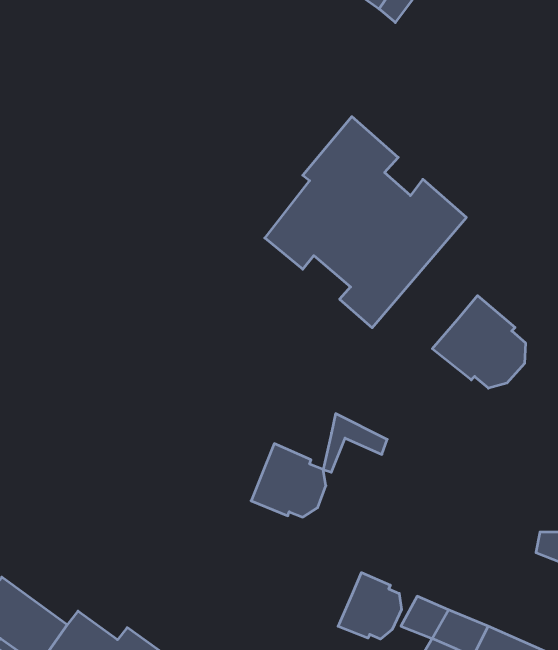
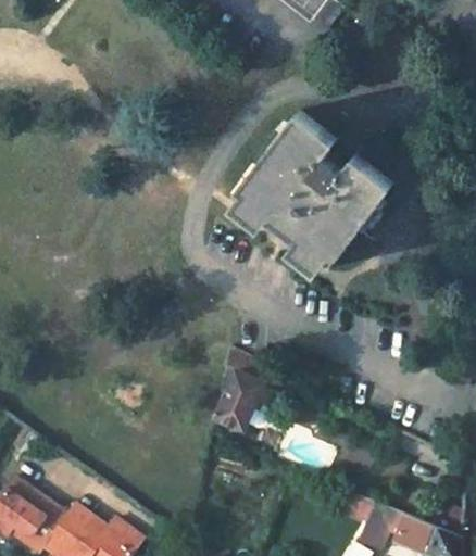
building: [432,296,525,388] -> none
building: [323,414,387,472] -> [218,352,270,399]
building: [338,573,401,639] -> none

